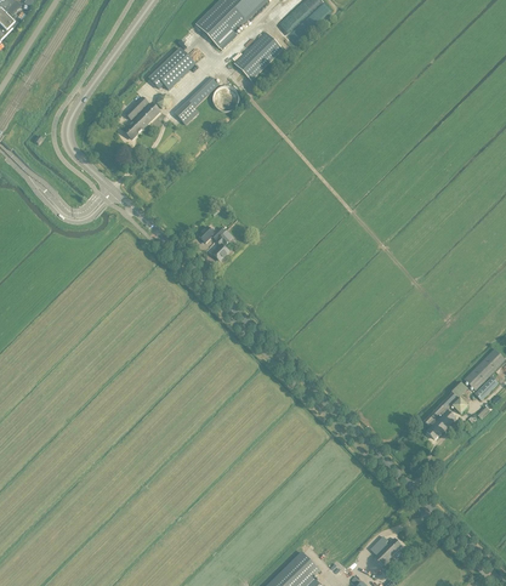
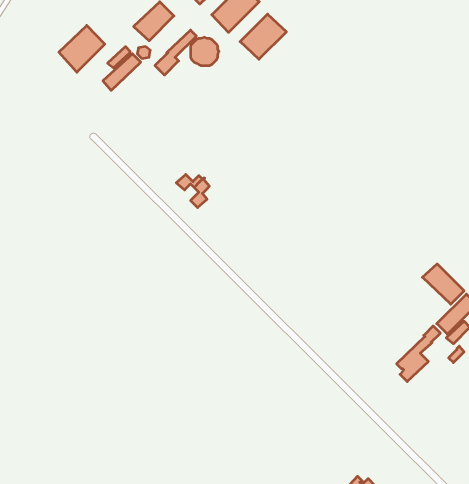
building: none -> [240,14,286,59]
building: none -> [59,25,105,72]
building: none -> [422,264,464,304]

